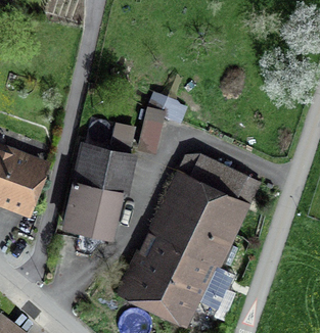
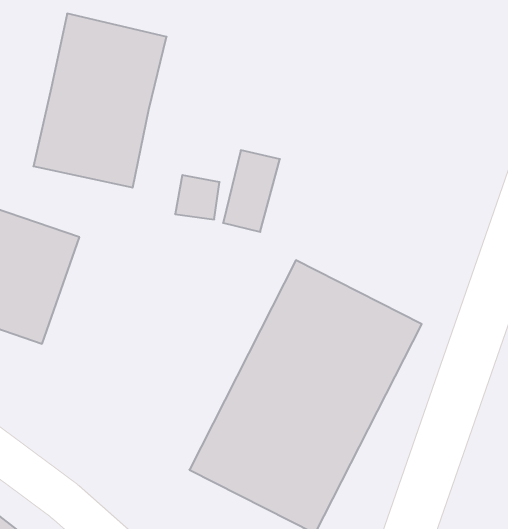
building: [62,143,139,243] -> [33,14,167,188]
building: [177,147,261,208] -> none

